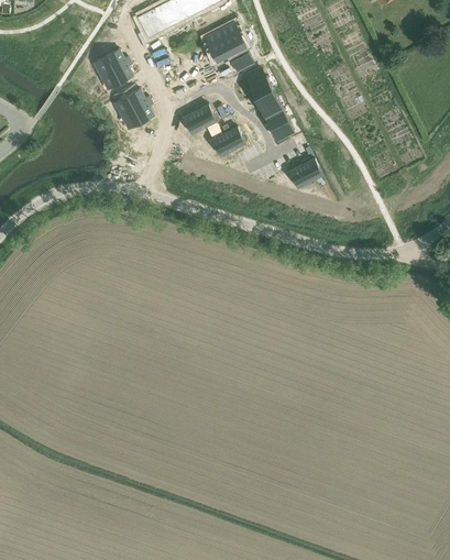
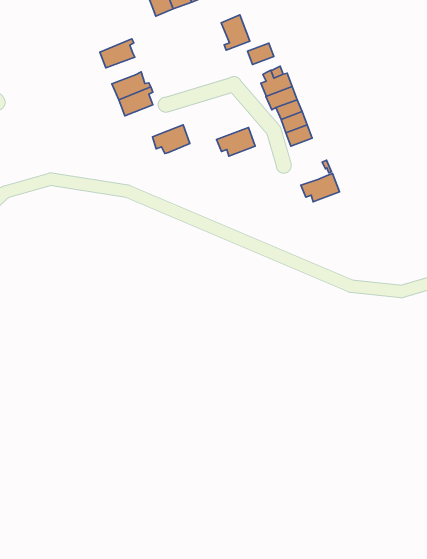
building: [219,23,250,53] -> none
building: [94,50,128,76] -> none
building: [182,106,215,132] -> [152,125,190,153]

